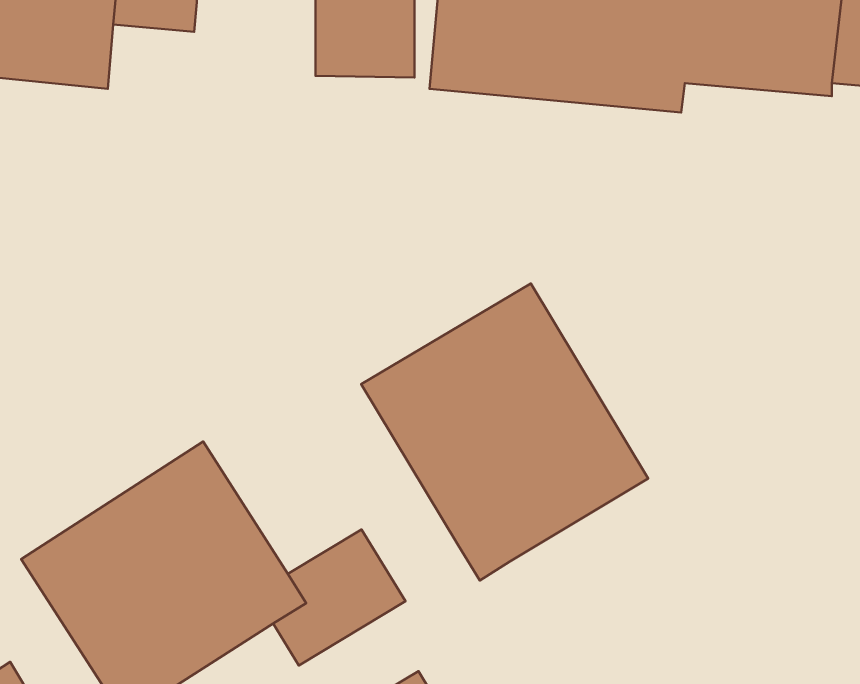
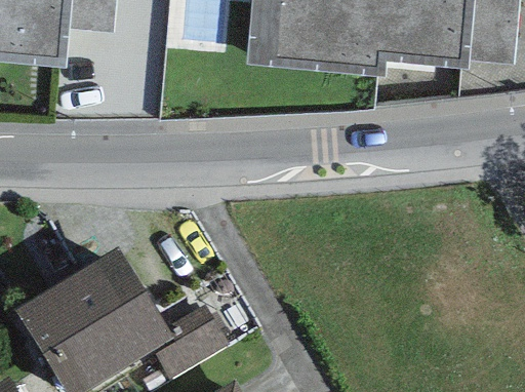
building: [361,283,648,581] -> none

